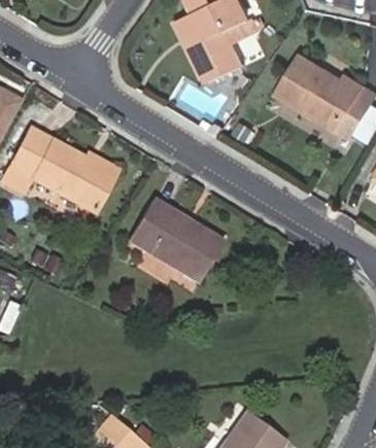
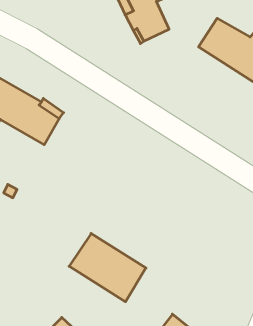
building: [126,196,219,279] -> [69,233,146,302]

